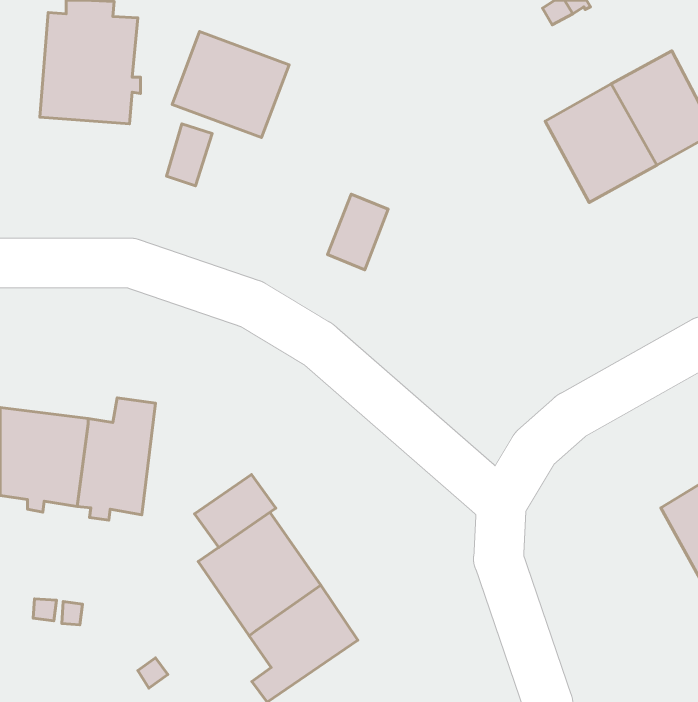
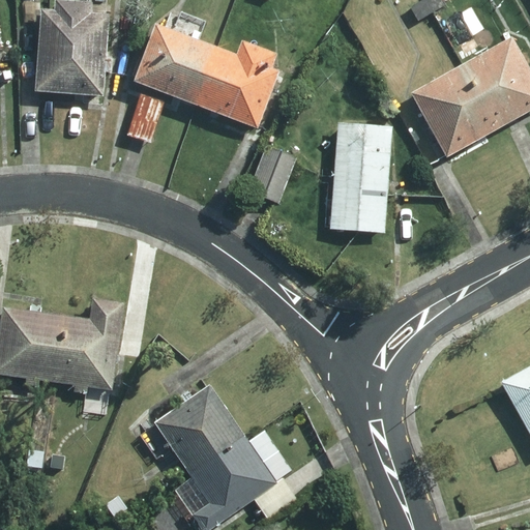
building: none -> [201,41,278,126]
building: none -> [330,123,390,232]
building: [194,474,276,547] -> none

